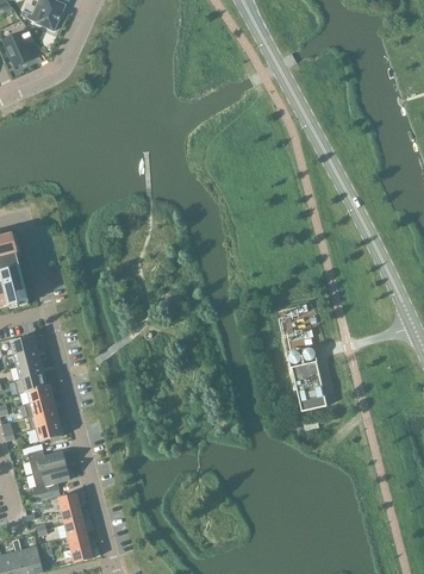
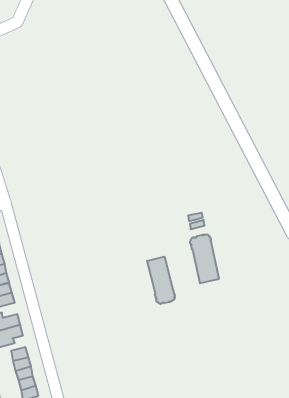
building: none -> [147,257,175,304]

